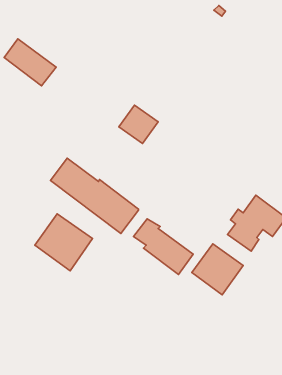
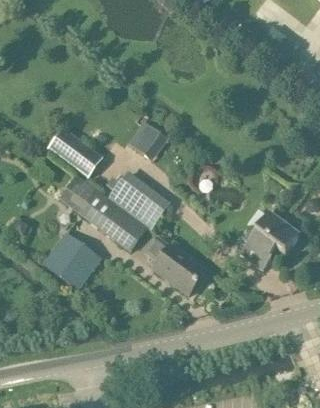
building: [4,39,56,86] -> [49,128,102,176]
building: none -> [106,170,170,229]
building: [192,244,243,295] -> none

